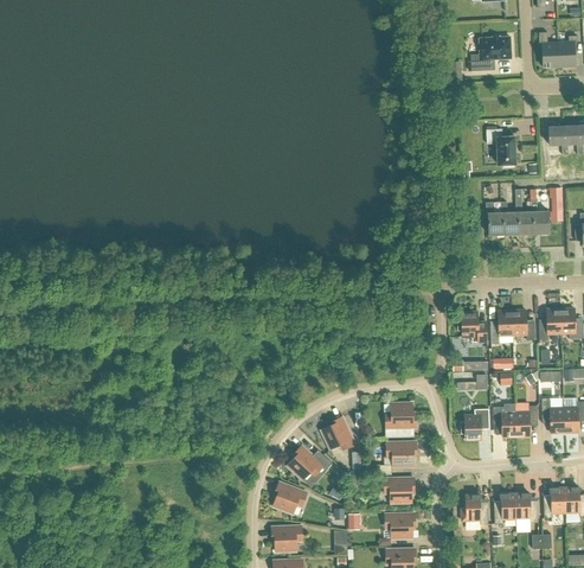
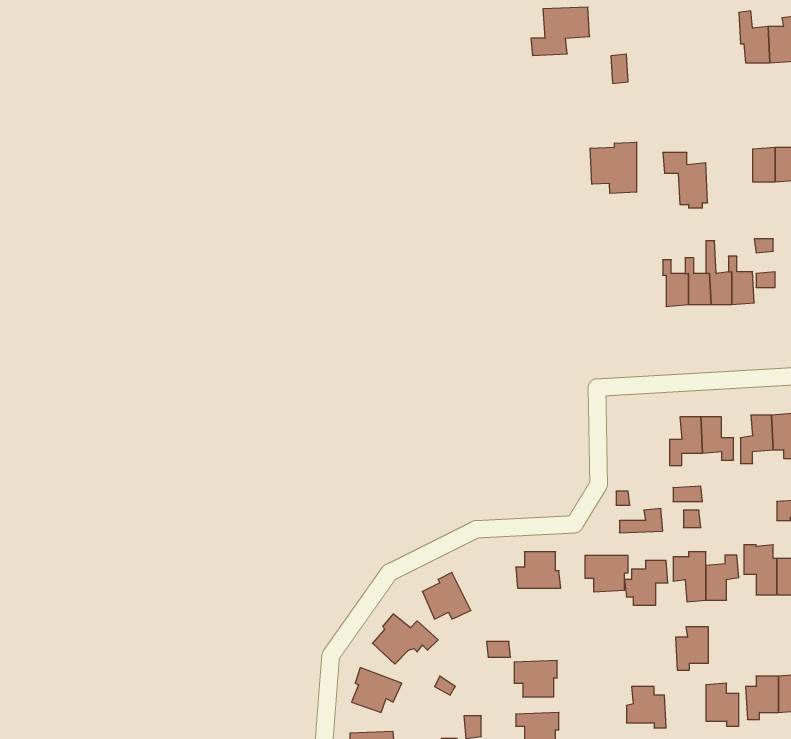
building: [470,37,511,70] -> [531,7,590,56]
building: none -> [590,142,637,193]
building: [457,311,486,342] -> none
building: [386,441,416,466] -> [585,556,628,592]
building: [493,493,515,523] -> [676,627,708,670]

